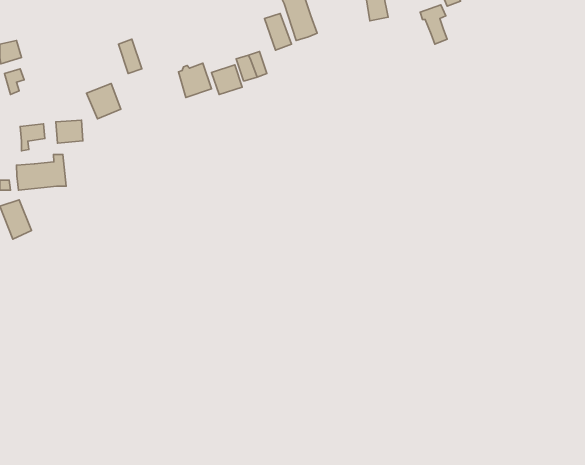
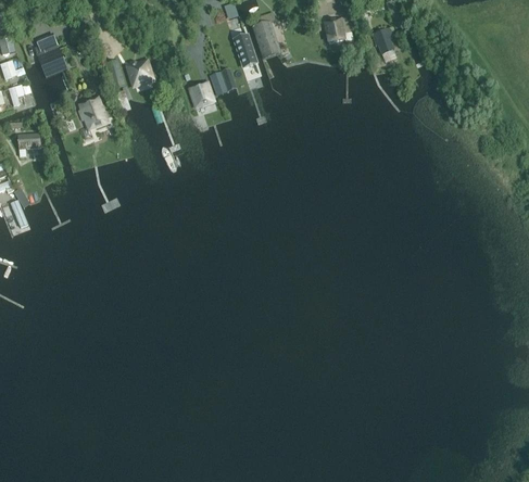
building: none -> [34,35,67,77]
building: [178,63,212,98] -> [126,59,155,89]
building: [56,120,83,143] -> none
building: [16,154,66,190] -> none

